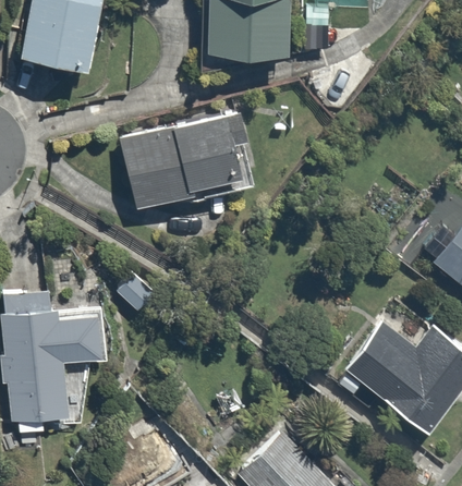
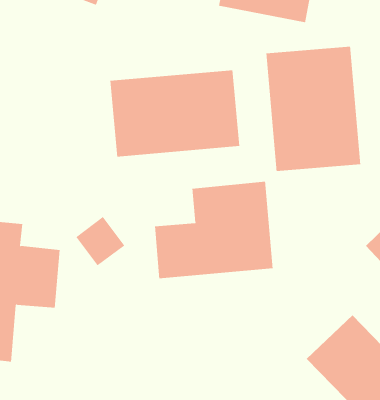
building: none -> [266,46,361,172]
building: none -> [155,181,273,279]

